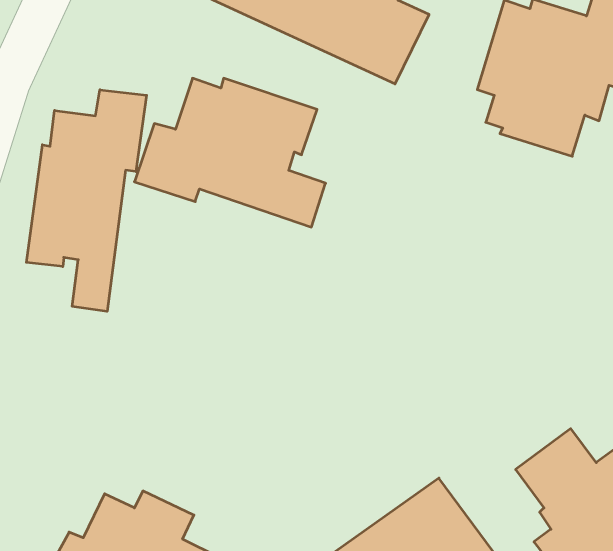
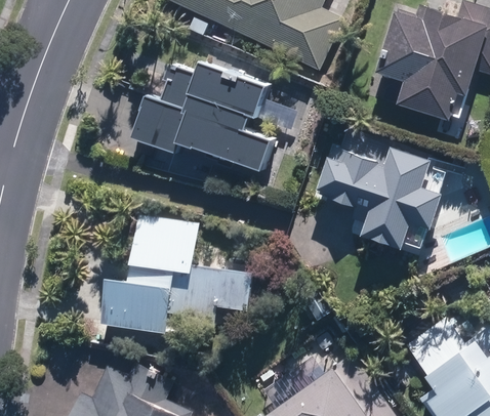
building: [26,90,147,311] -> none
building: none -> [315,150,447,249]
building: none -> [100,214,252,334]

